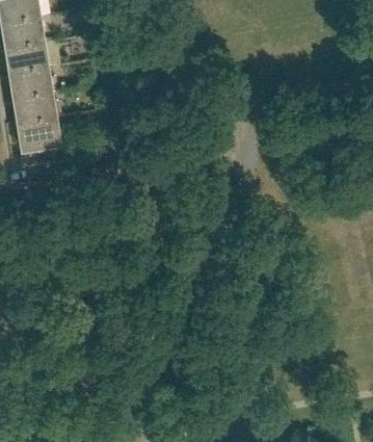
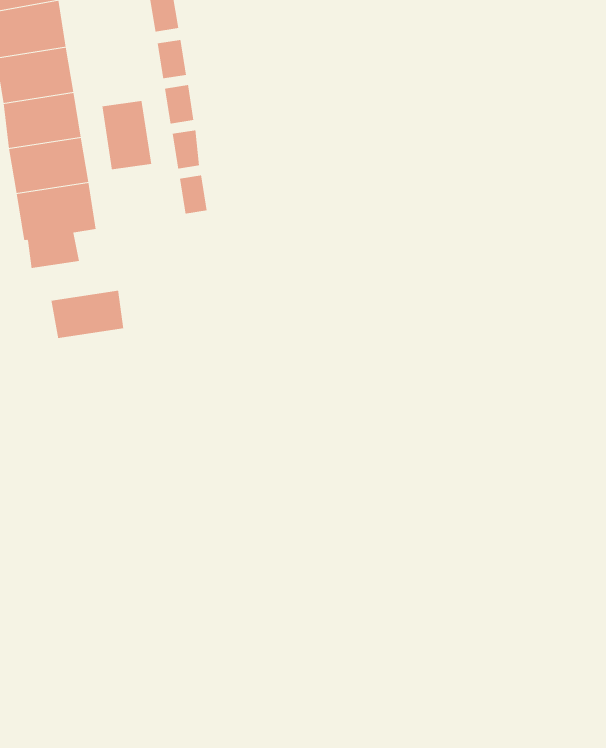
building: none -> [102,100,152,170]
building: none -> [51,290,124,339]

